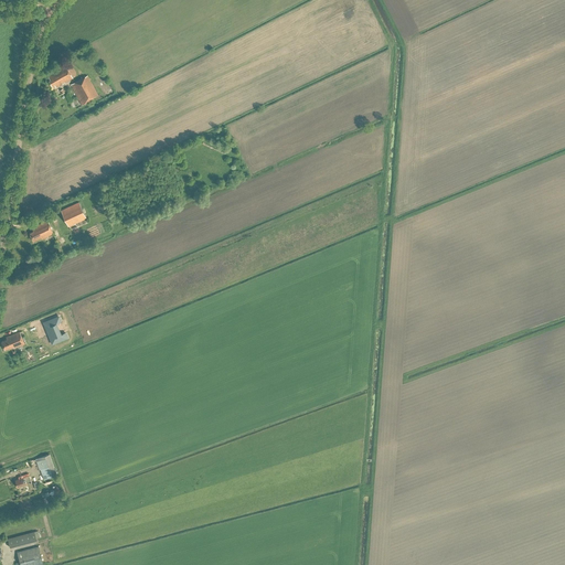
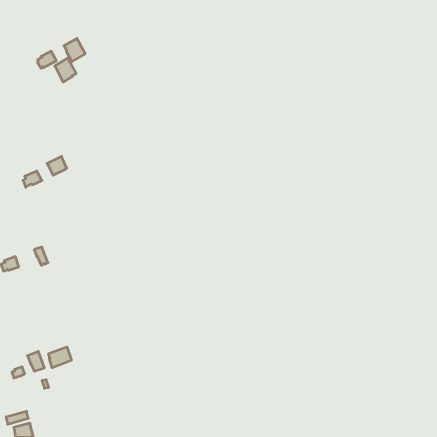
building: none -> [64,38,85,62]
building: none -> [49,347,71,368]

